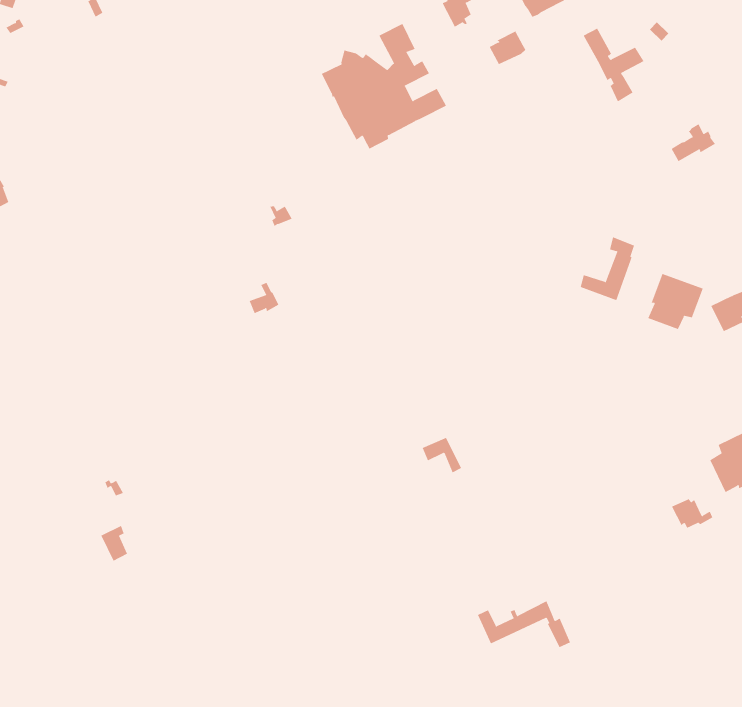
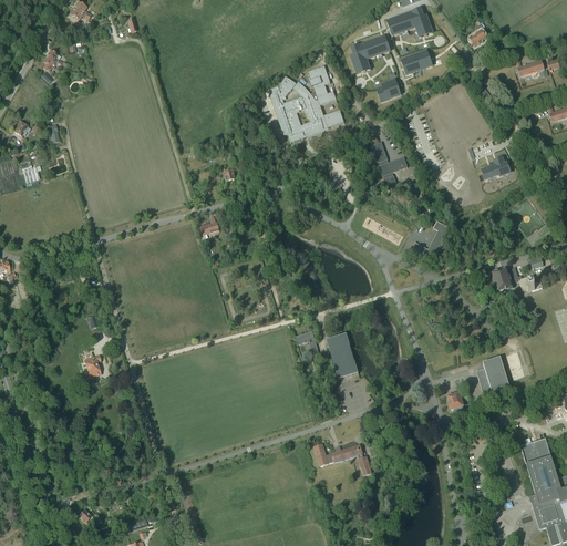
building: [583,28,645,102] -> [371,141,408,189]
building: [648,273,704,330] -> none
building: none -> [327,332,358,378]

